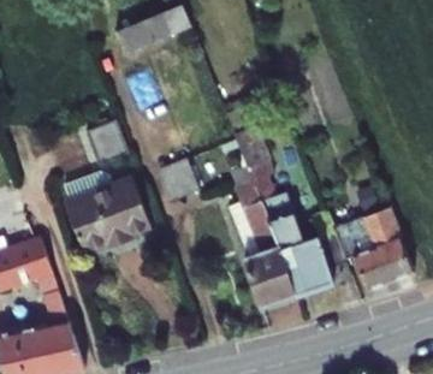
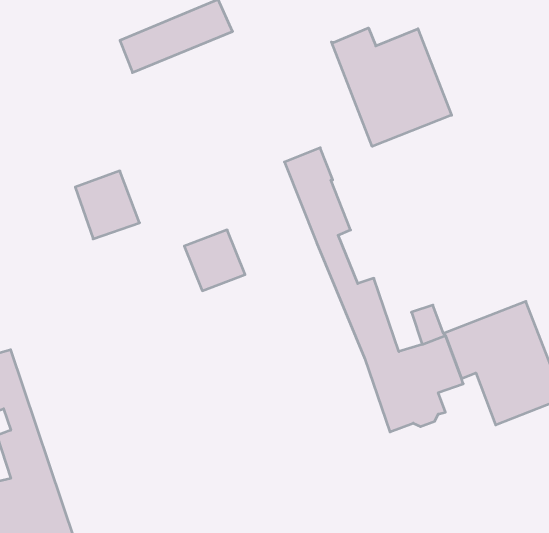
building: none -> [331,28,452,146]
building: [229,168,297,309] -> none
building: [65,172,150,251] -> none

